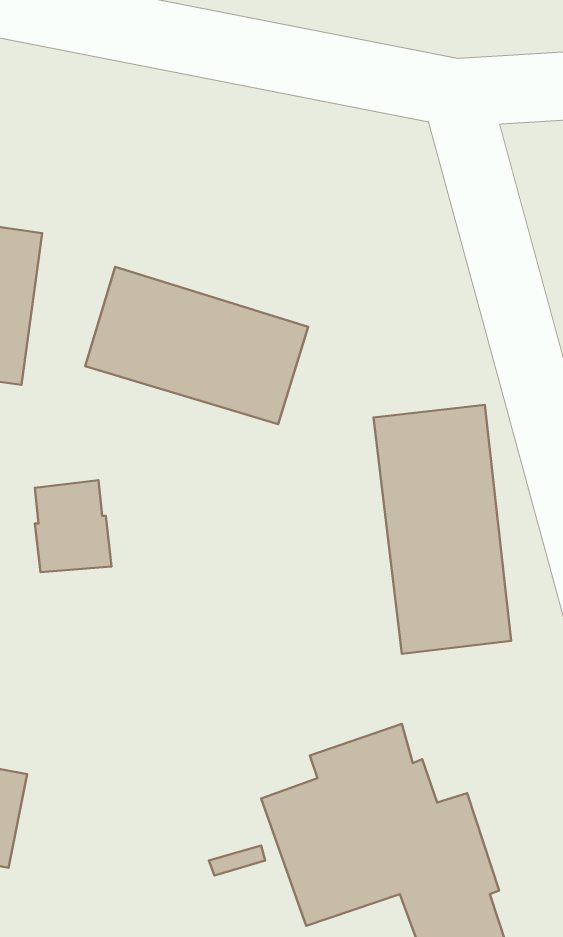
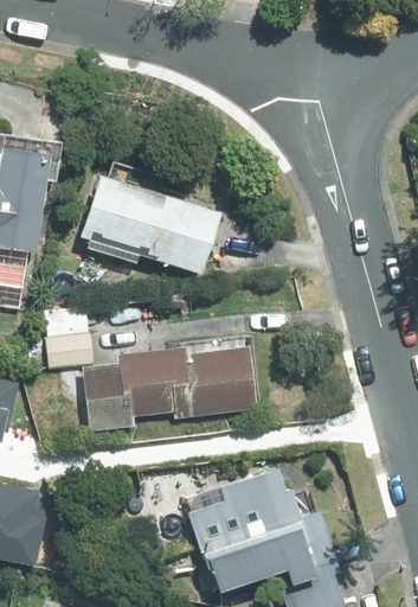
building: [373,405,511,654] -> none
building: none -> [81,347,256,432]

